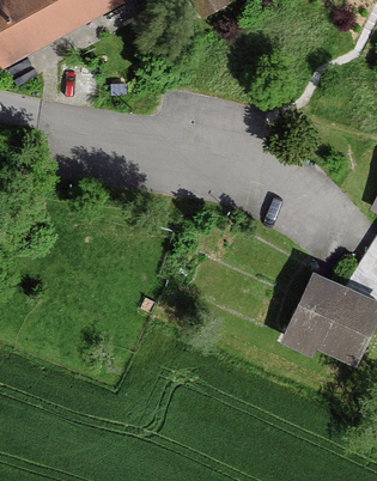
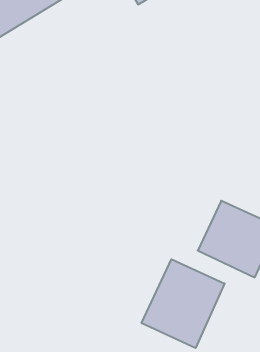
building: none -> [142,259,225,348]

